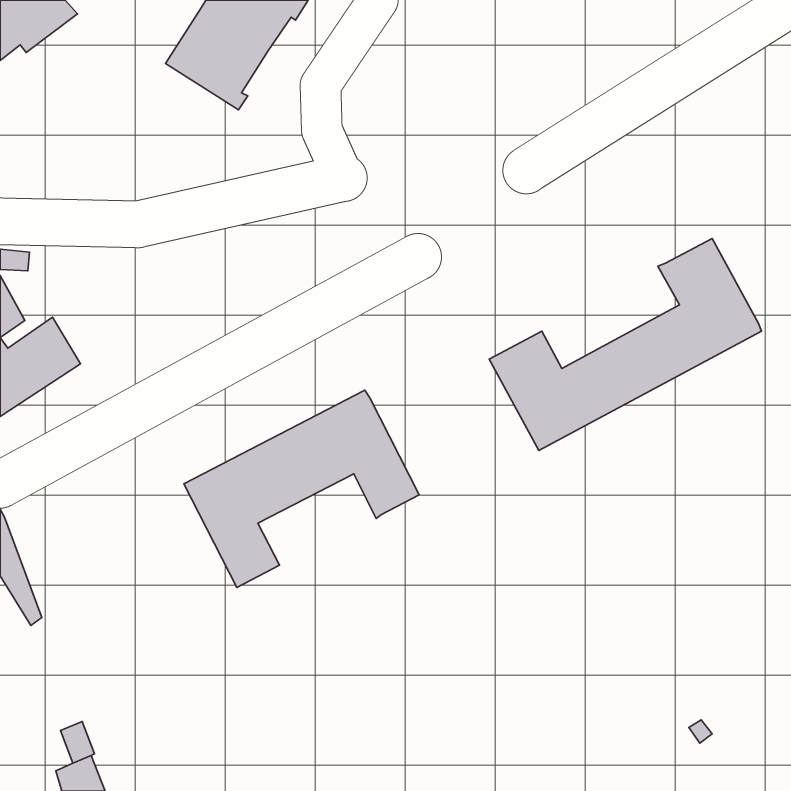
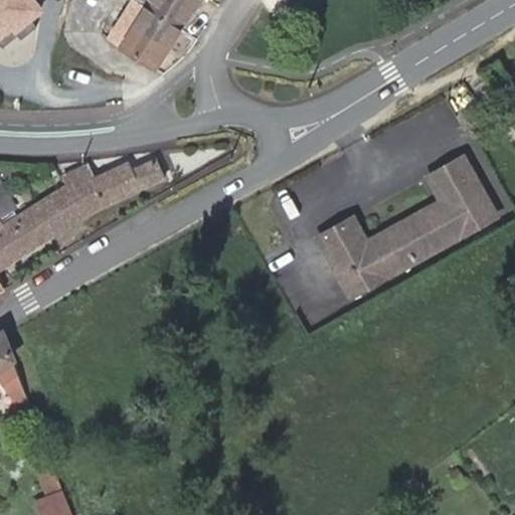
building: none -> [34,159,165,236]
building: [184,390,419,588] -> none

